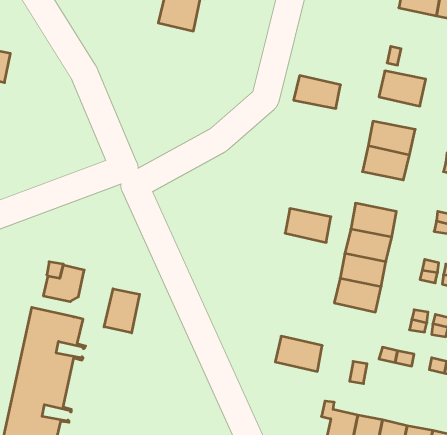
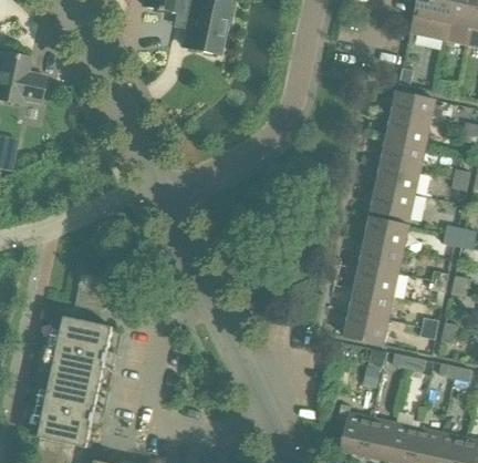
building: [294,76,341,108] -> [385,115,429,146]
building: [285,209,331,242] -> [371,186,414,218]
building: [104,289,140,333] -> none
building: [275,336,322,371] -> [343,310,387,343]

